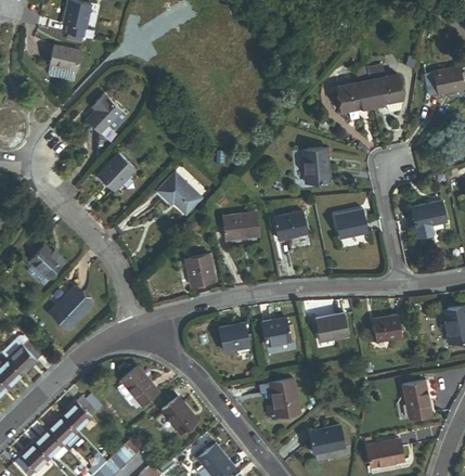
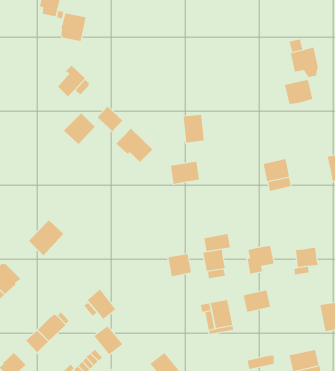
building: [50,46,81,80] -> [60,13,87,42]
building: [337,80,372,111] -> [284,80,313,105]
building: none -> [97,106,123,132]
building: [302,149,328,183] -> [183,115,204,143]
building: [273,211,306,239] -> none
building: [30,242,66,275] -> none
building: [184,255,214,284] -> none
building: none -> [204,233,231,252]
building: [162,396,197,432] -> [94,325,123,355]
building: [309,425,343,452] -> [243,290,271,312]
building: [34,428,62,458] -> none

